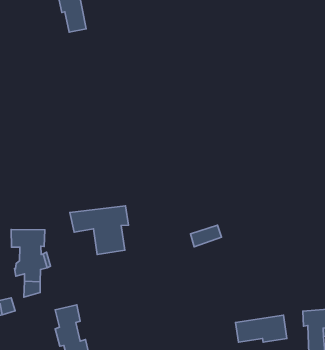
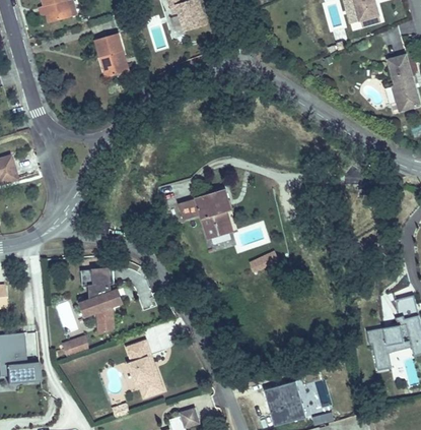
building: [70,206,129,254] -> [178,195,235,245]
building: [236,315,287,342] -> none

